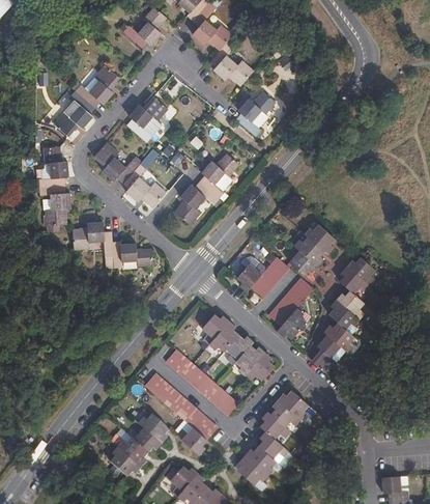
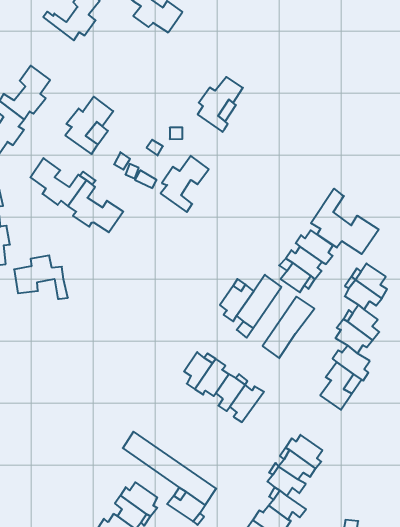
building: [209,40,254,85] -> none
building: [174,180,218,225] -> none
building: none -> [311,189,379,254]
building: [111,241,152,268] -> none
building: [276,307,305,338] -> none
building: [165,348,237,415] -> none
building: [243,352,273,380] -> none

